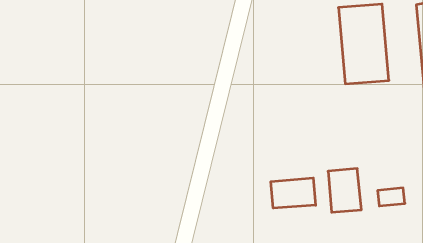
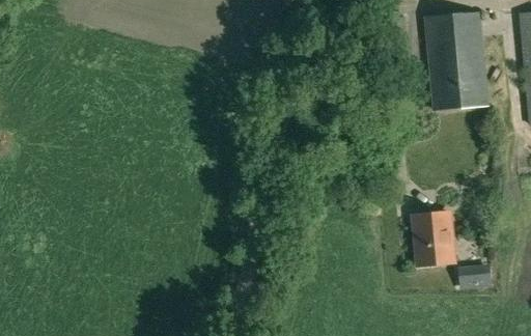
building: [271,178,316,208] -> none
building: [378,188,405,206] -> [457,267,491,288]

